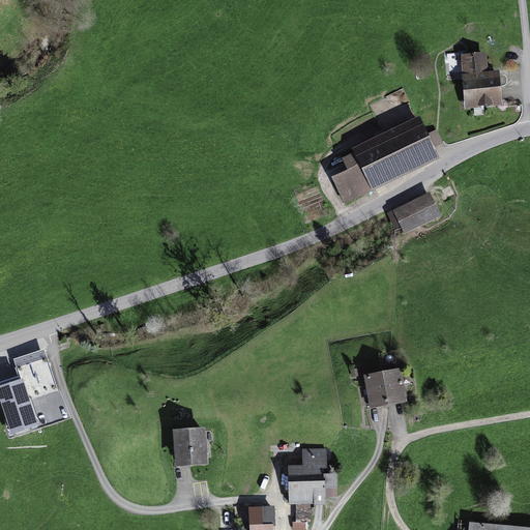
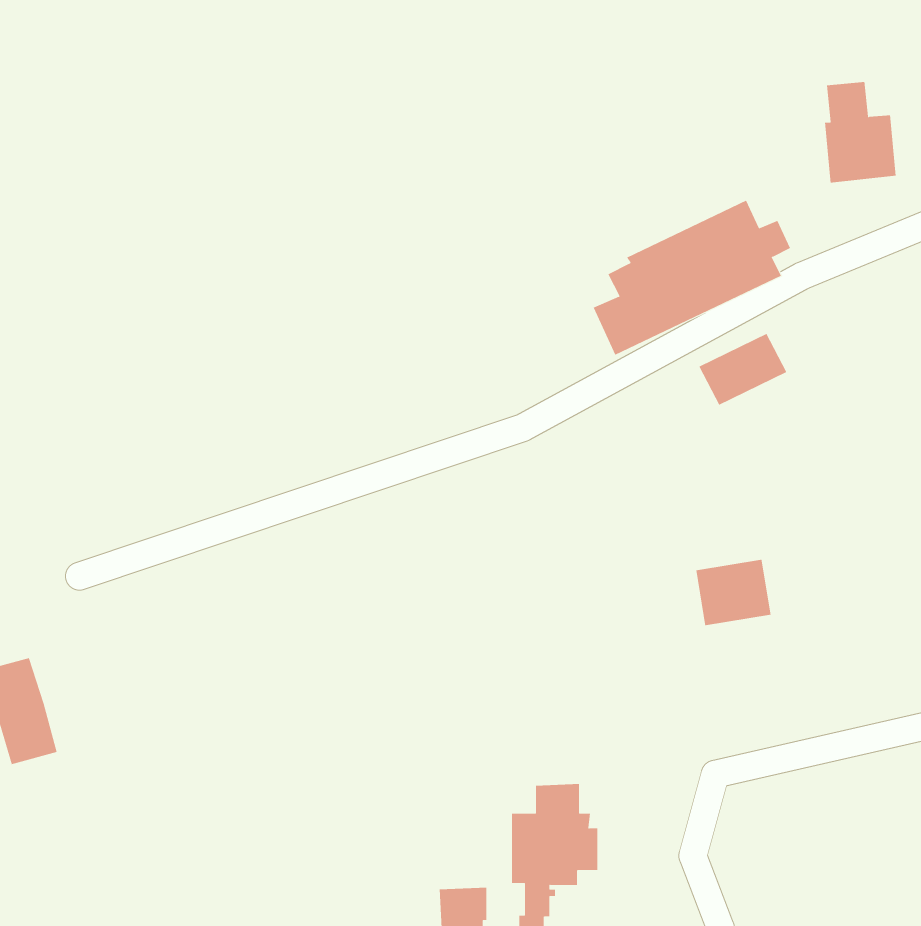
building: [12,348,57,400] -> none
building: [363,370,406,407] -> [695,559,771,626]
building: [171,422,206,463] -> none

